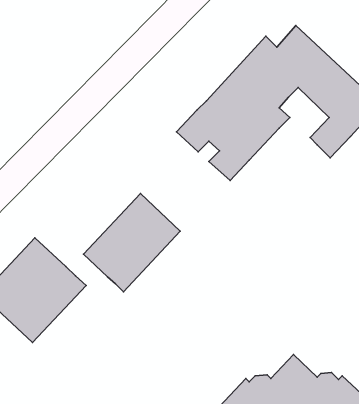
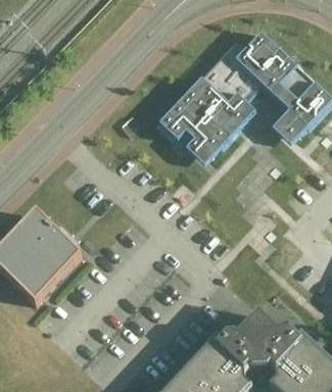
building: [84,193,180,292] -> none

